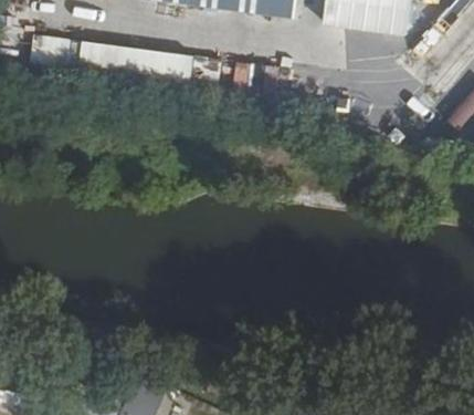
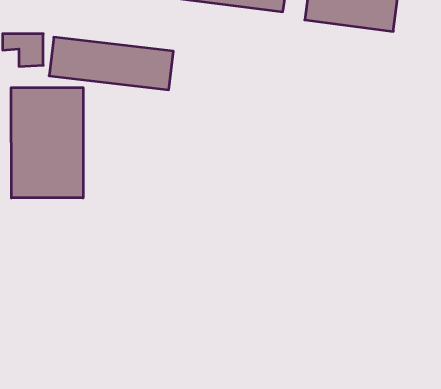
building: none -> [11,88,83,198]

